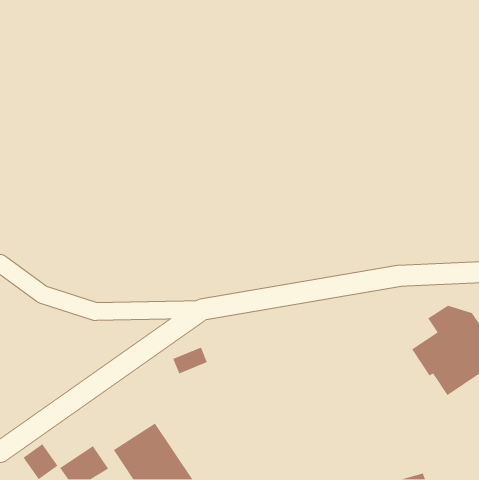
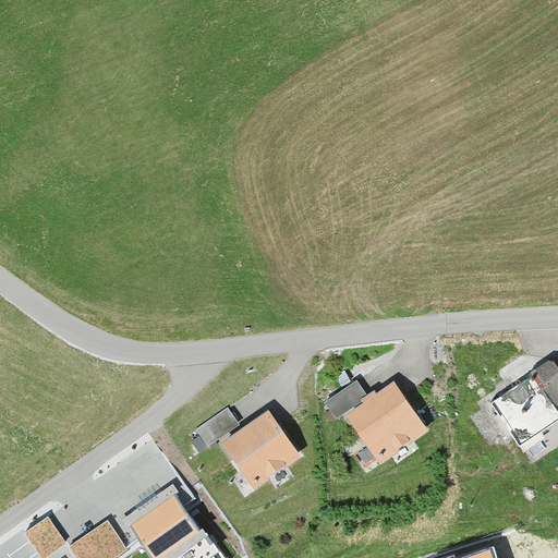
building: none -> [326,383,427,464]
building: none -> [221,414,300,490]

